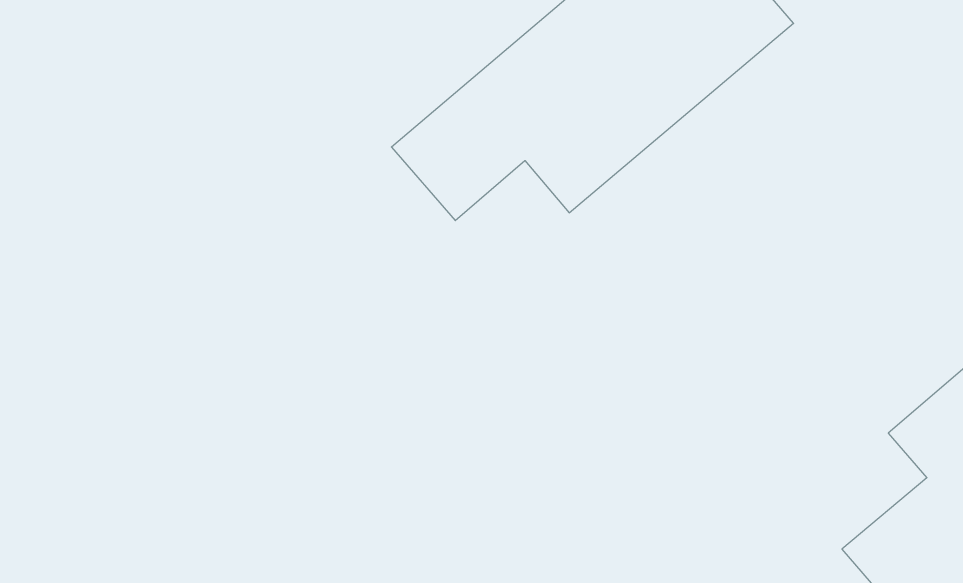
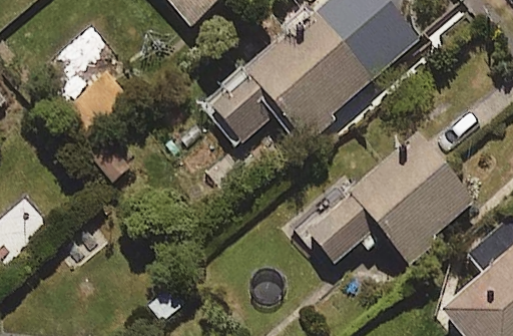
building: none -> [306,135,473,264]

